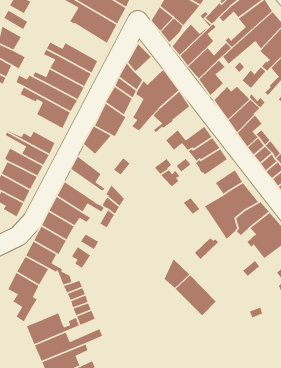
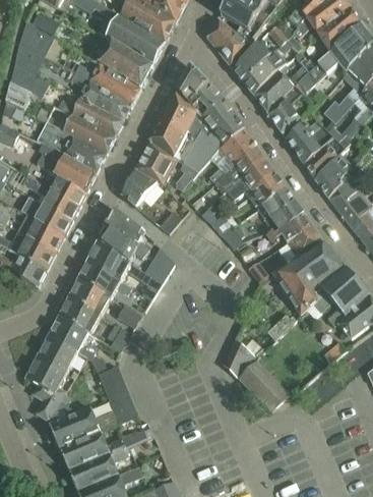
building: none -> [87,35,151,88]
building: none -> [187,82,223,117]
building: none -> [35,145,96,191]
building: none -> [212,146,274,190]
building: none -> [265,213,313,242]
building: none -> [98,225,145,261]

